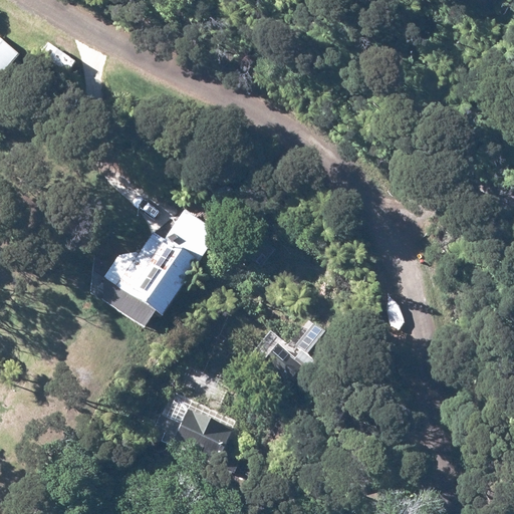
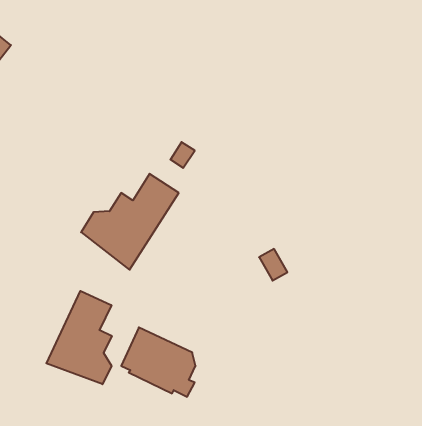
building: none -> [46,291,112,384]

